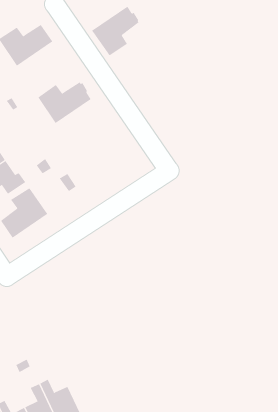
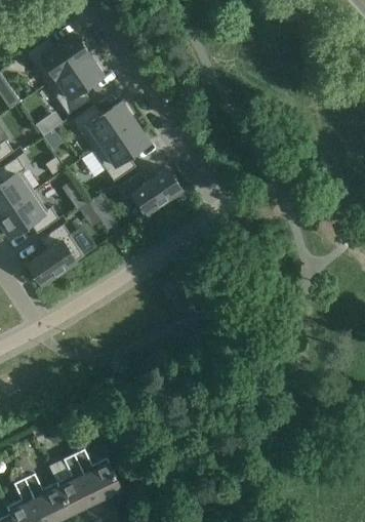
building: [92,6,139,56] -> [48,56,104,115]
building: none -> [93,123,150,182]
building: none -> [118,169,181,216]

